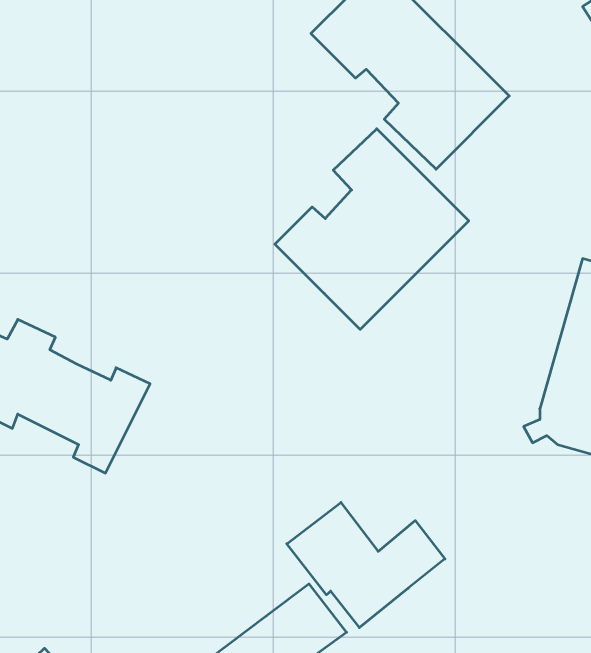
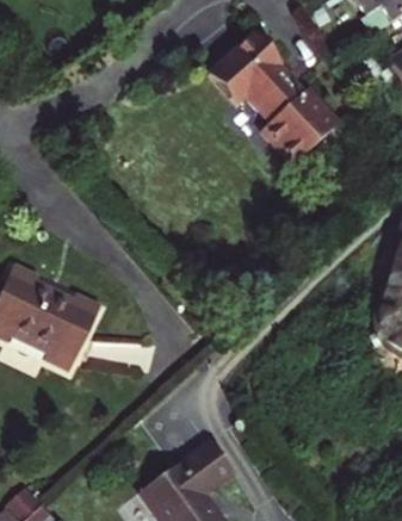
building: [275,129,469,329] -> none
building: [287,502,445,628] -> none

